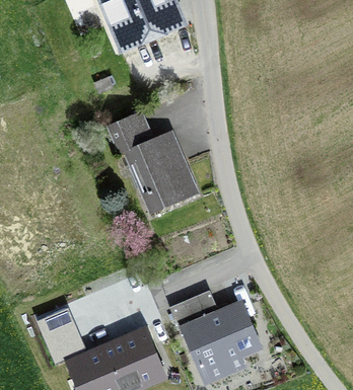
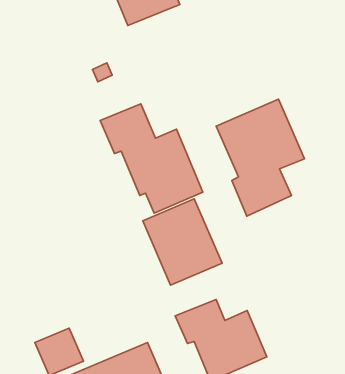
building: none -> [216,99,304,216]
building: none -> [143,199,222,285]

